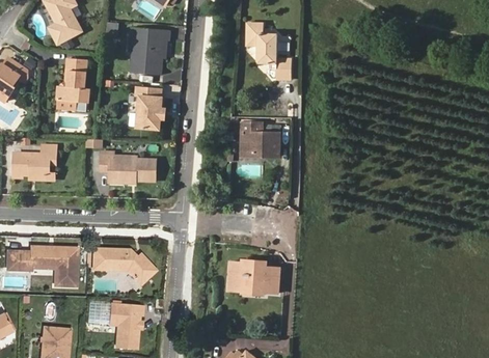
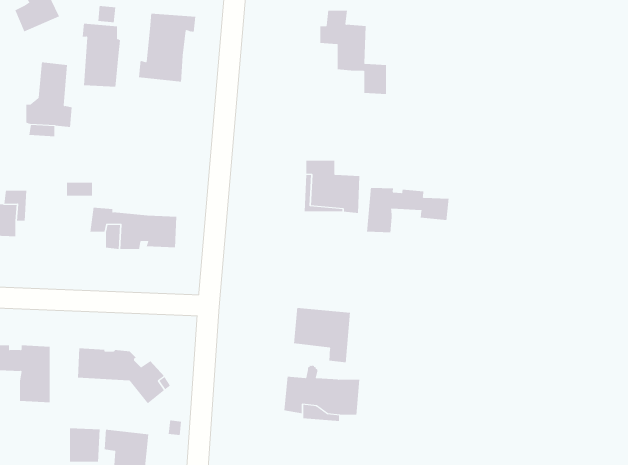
building: [138,86,164,129] -> [82,23,121,87]
building: none -> [366,187,449,233]
building: none -> [294,307,351,363]

